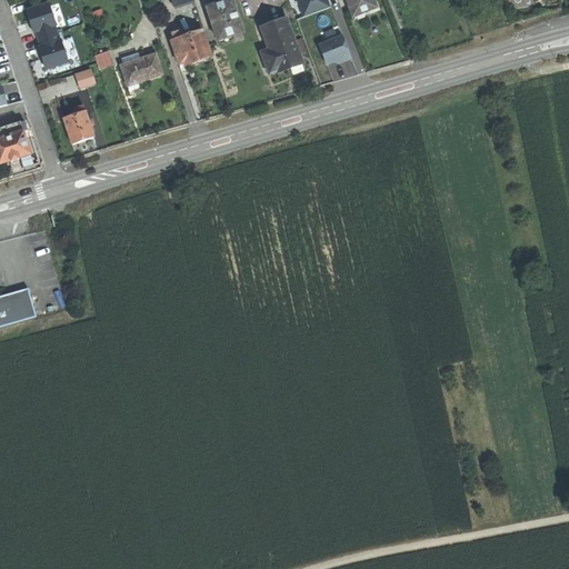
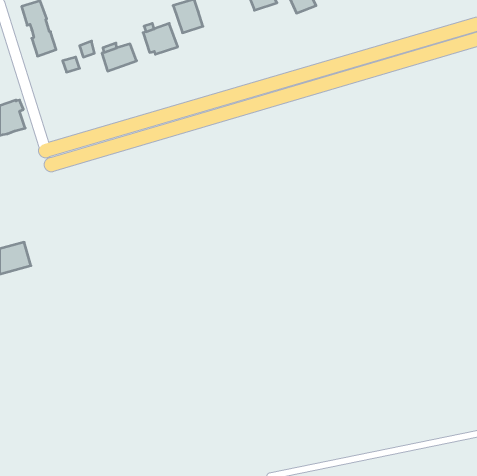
building: [261,19,301,72] -> none
building: [318,34,350,63] -> none
building: [63,110,93,142] -> none

